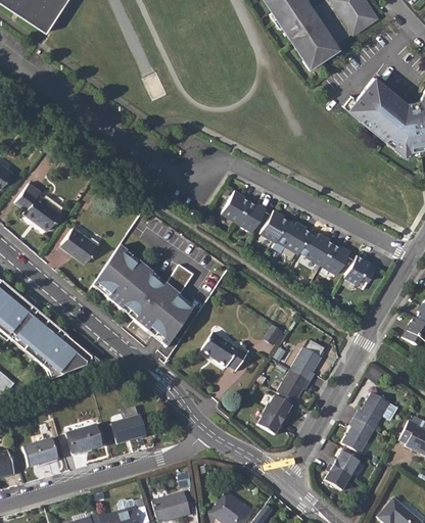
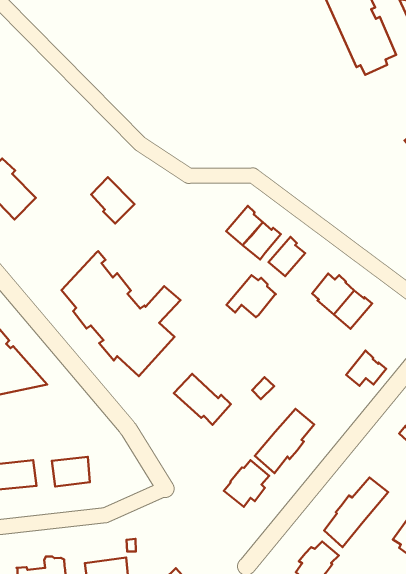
building: [273,220,312,253] -> [226,275,276,317]
building: [62,228,99,265] -> [91,177,135,224]
building: [344,254,376,284] -> [346,350,386,386]

